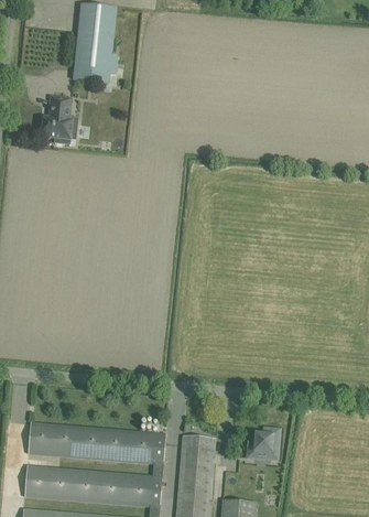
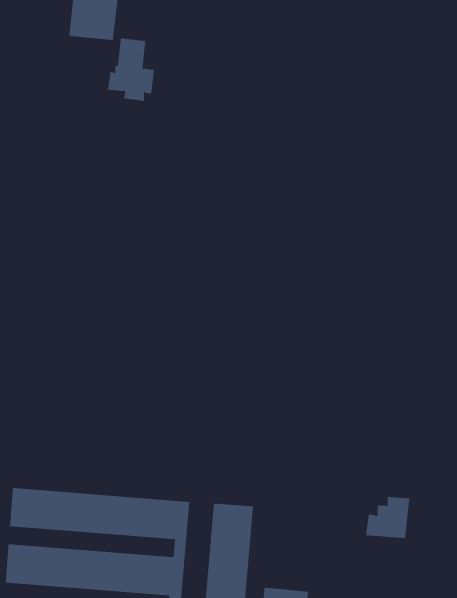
building: [41,96,77,144] -> [107,38,155,101]
building: [246,427,280,459] -> [365,497,410,538]

